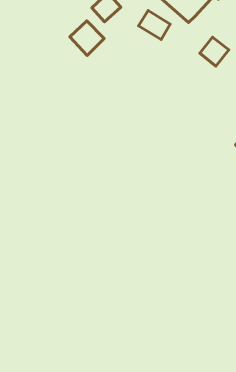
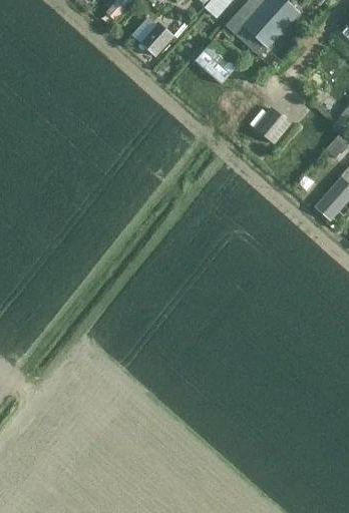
building: [70,21,104,55] -> none
building: [200,37,229,66] -> [253,107,289,143]

